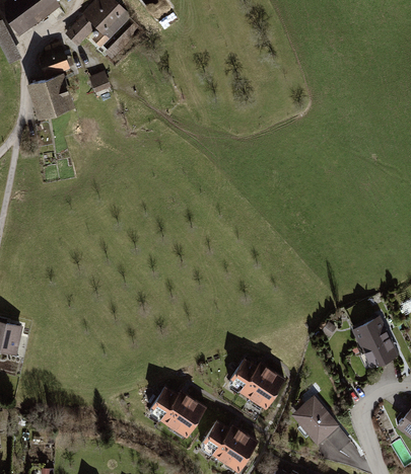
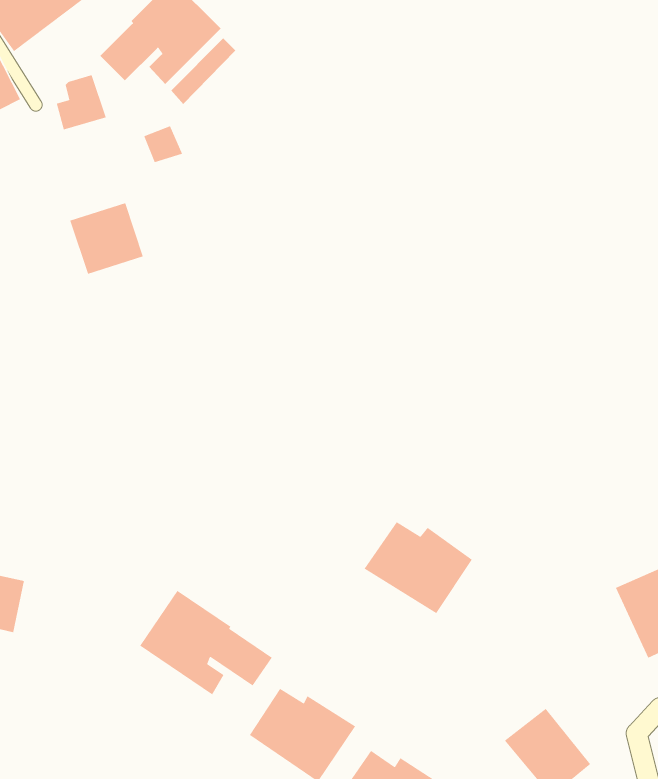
building: [29,76,71,116] -> [69,202,144,275]
building: none -> [139,590,273,695]
building: [224,358,285,409] -> [364,521,473,614]

